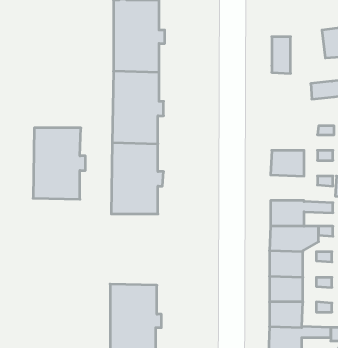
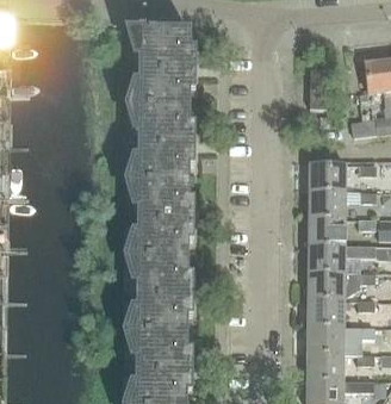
building: none -> [309,162,345,191]
building: [33,128,85,199] -> [136,259,192,335]
building: none -> [308,217,343,244]

